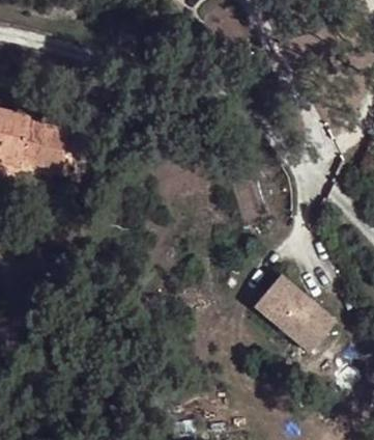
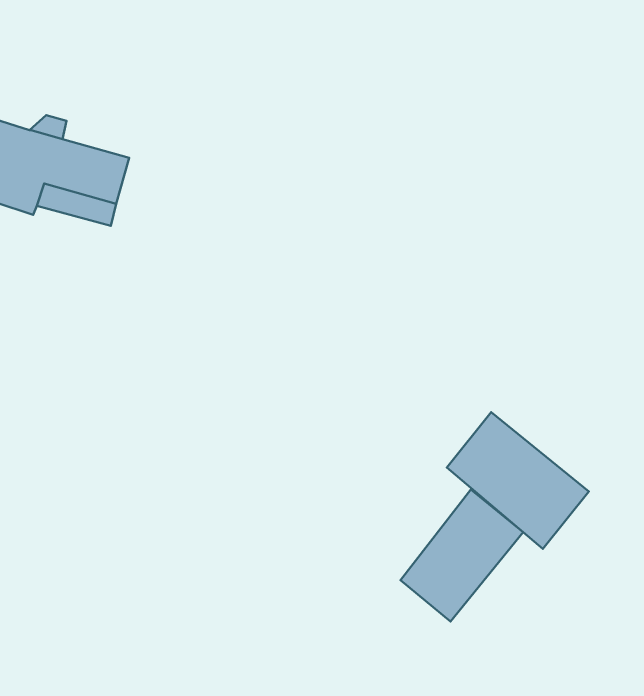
building: none -> [400,490,523,621]

